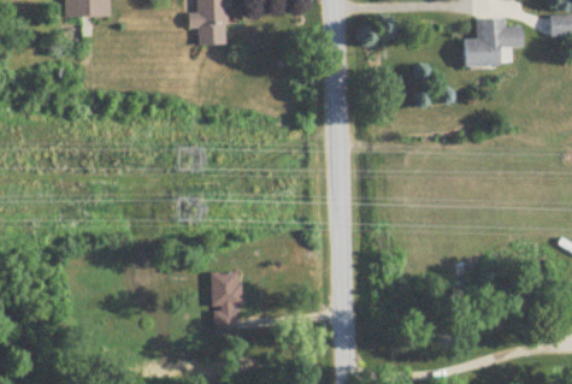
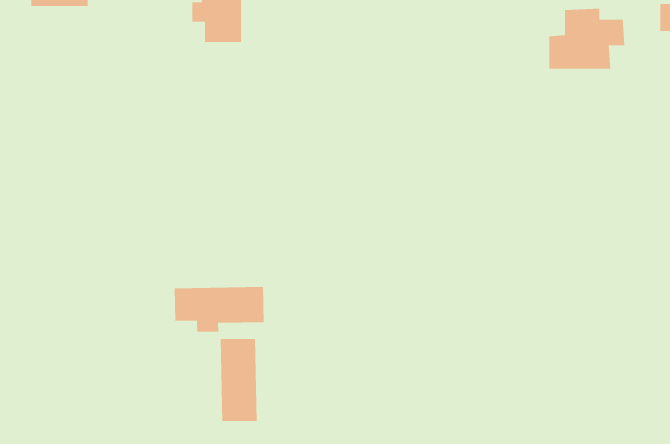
building: none -> [174,286,264,332]

